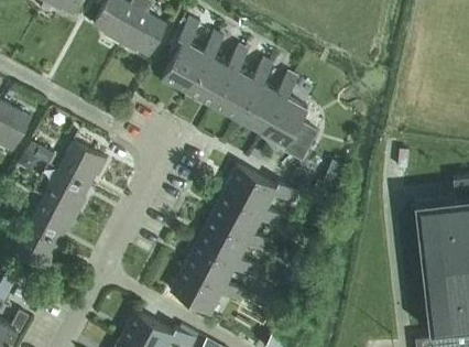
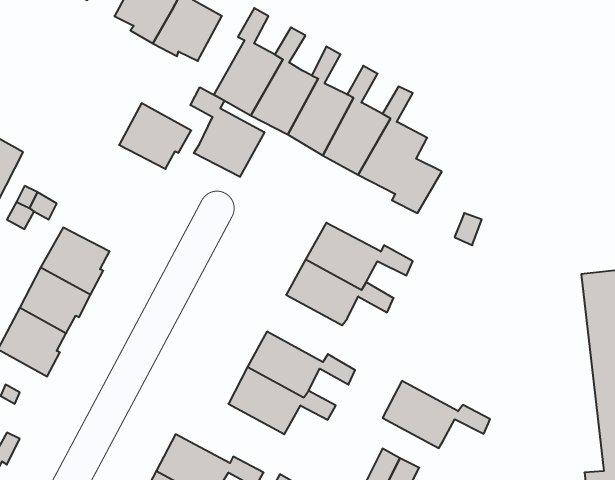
building: none -> [190,87,264,177]
building: [58,141,108,186] -> [119,103,191,169]
building: [198,216,272,262] -> [383,381,490,448]

